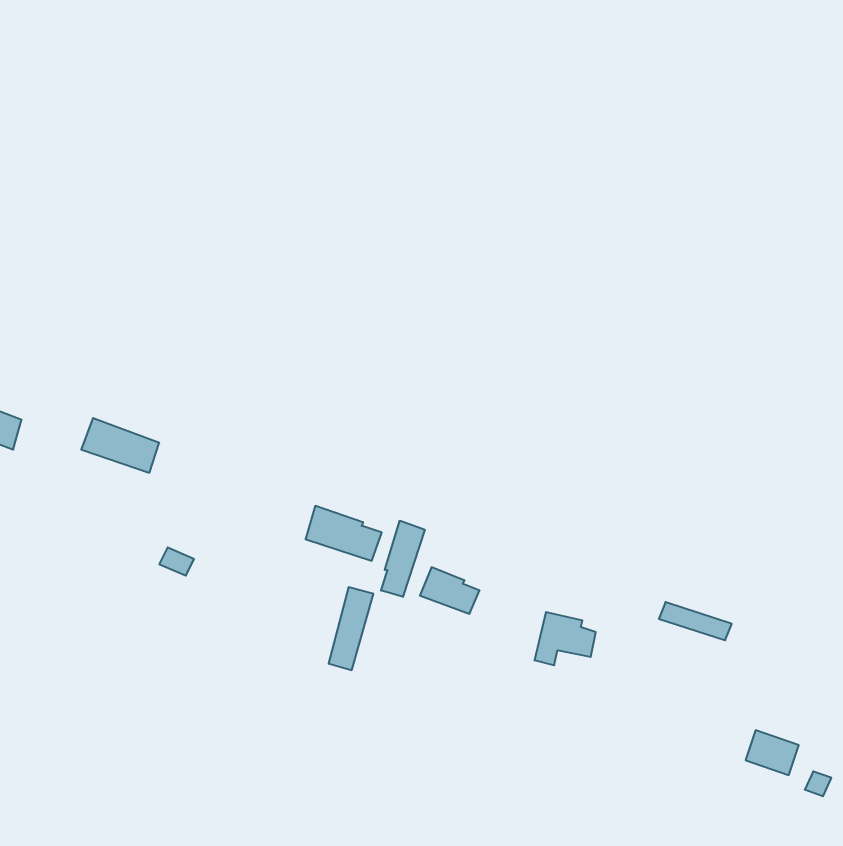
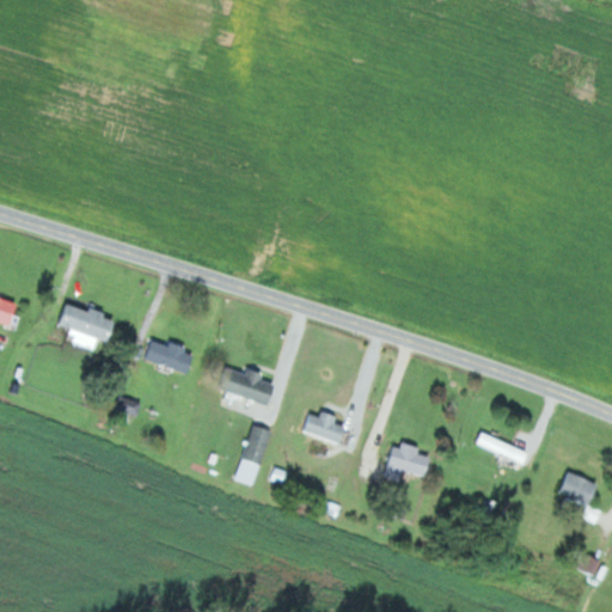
building: none -> [143,339,192,372]
building: [381,521,425,597] -> none
building: [746,730,799,775] -> [558,472,596,504]

